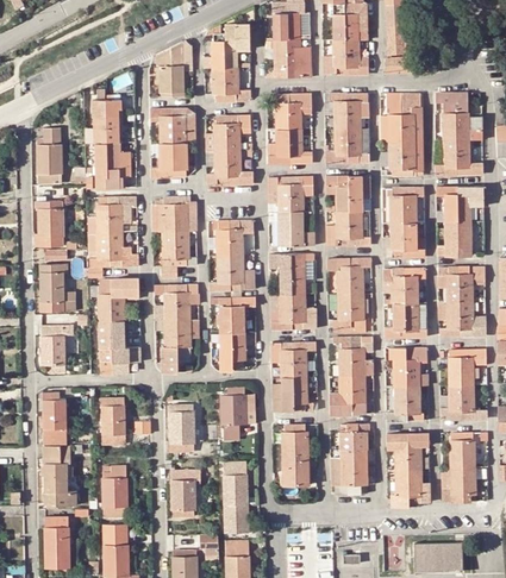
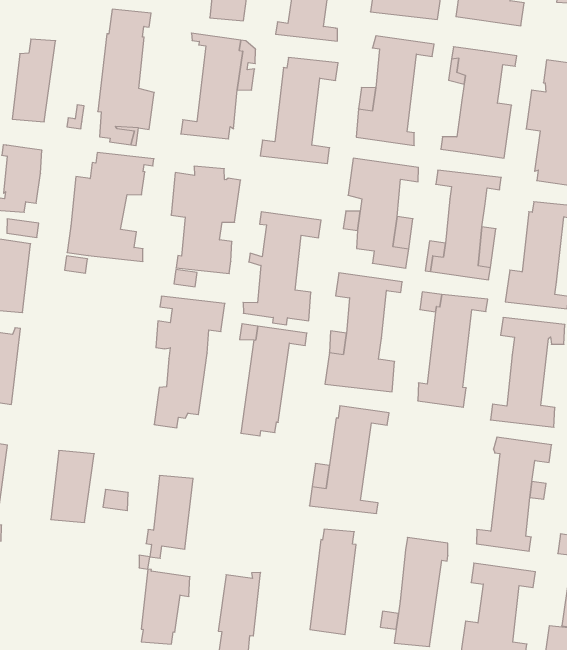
building: [88,278,139,375] -> none
building: [327,337,371,415] -> none
building: [220,387,244,440] -> none
building: [102,465,125,516] -> none

